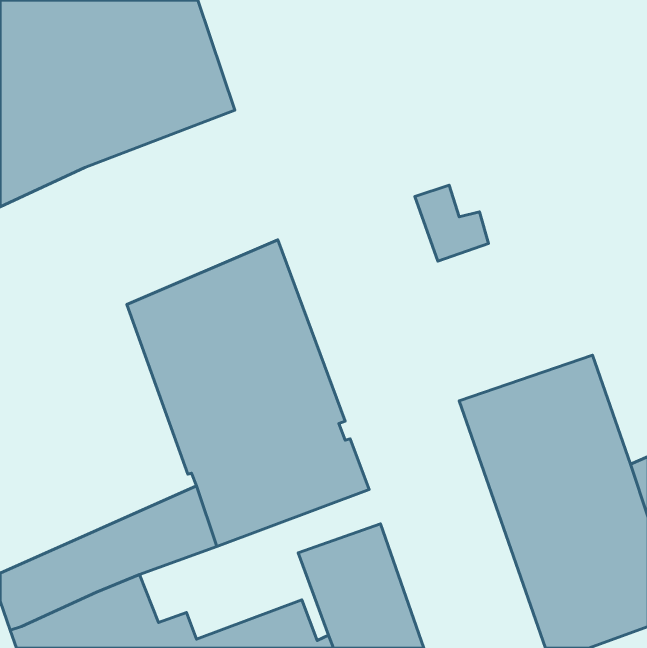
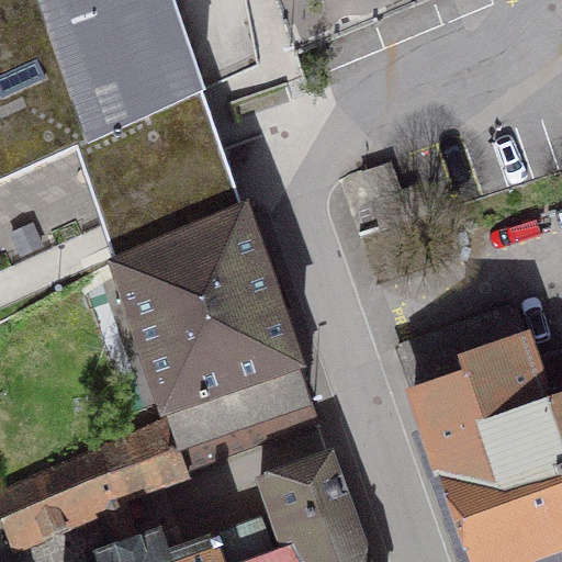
building: none -> [75,95,241,263]

